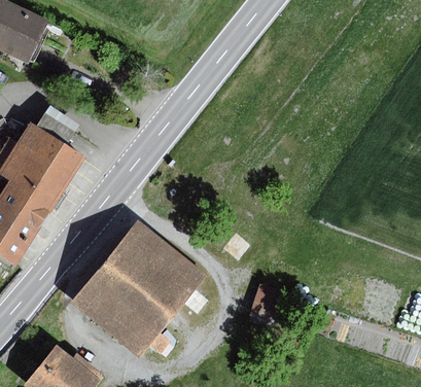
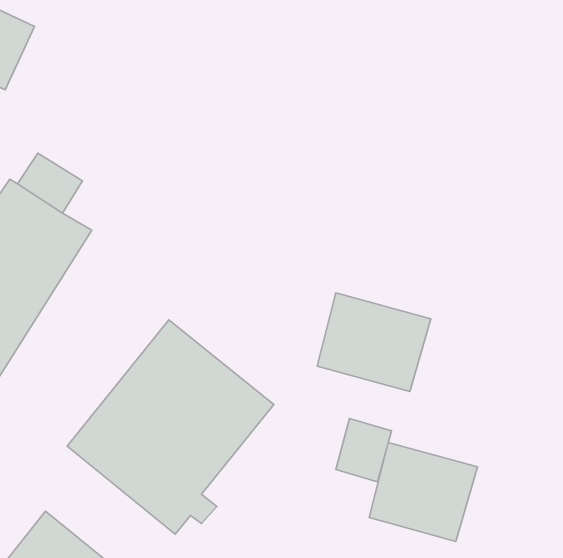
building: none -> [317,293,431,392]
building: none -> [369,443,477,542]

